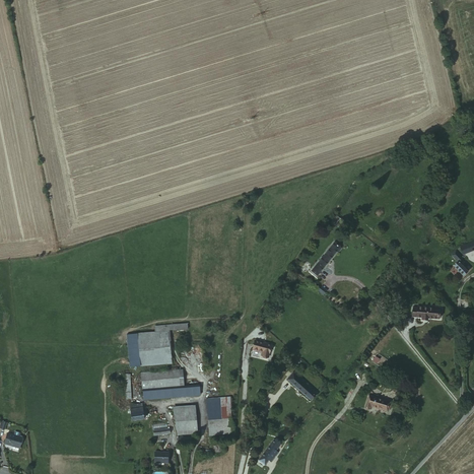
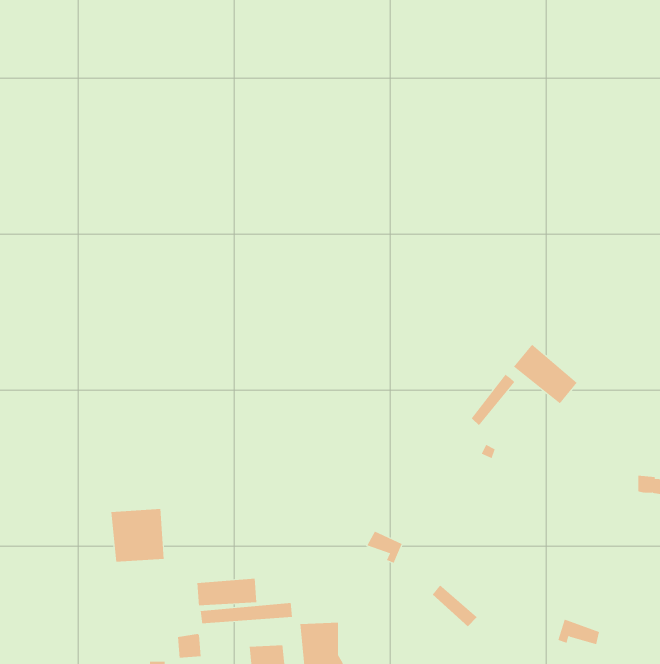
building: none -> [513,344,578,404]
building: [137,332,171,365] -> [111,508,165,562]

